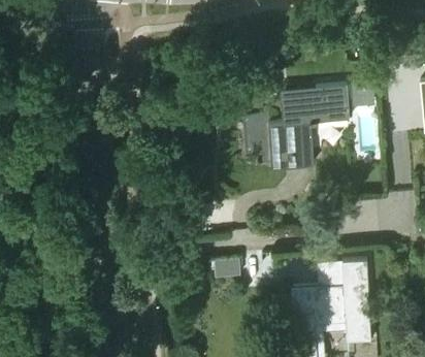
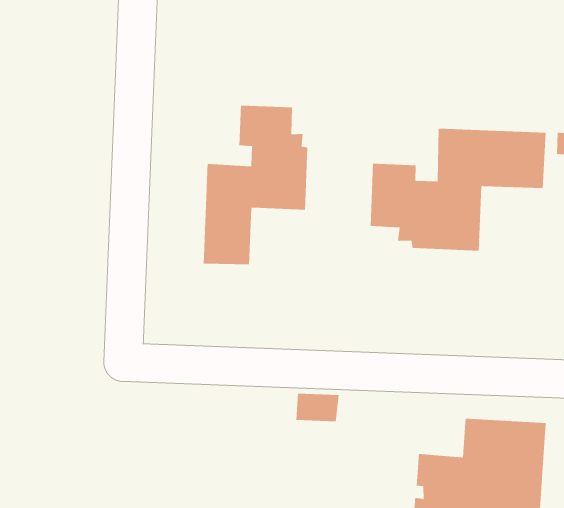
building: none -> [203,105,308,265]

